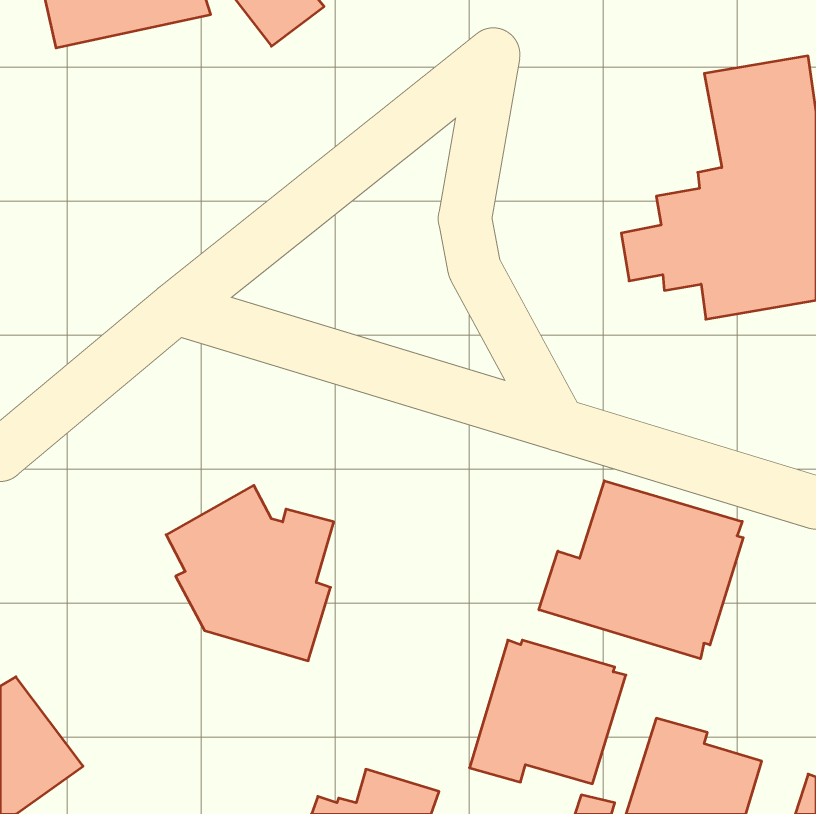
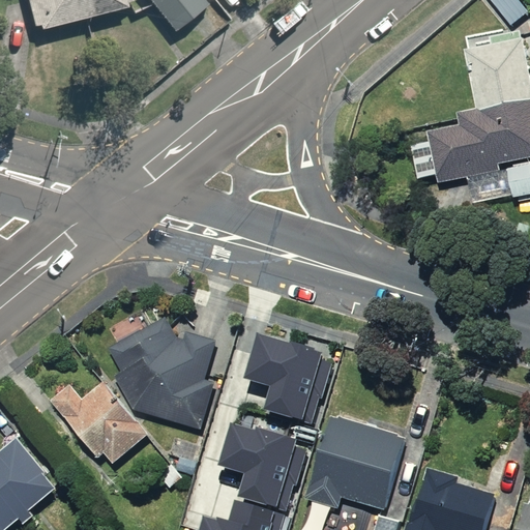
building: [539,481,743,659] -> none
building: none -> [243,333,329,422]
building: none -> [50,380,147,462]
building: none -> [220,423,305,509]

